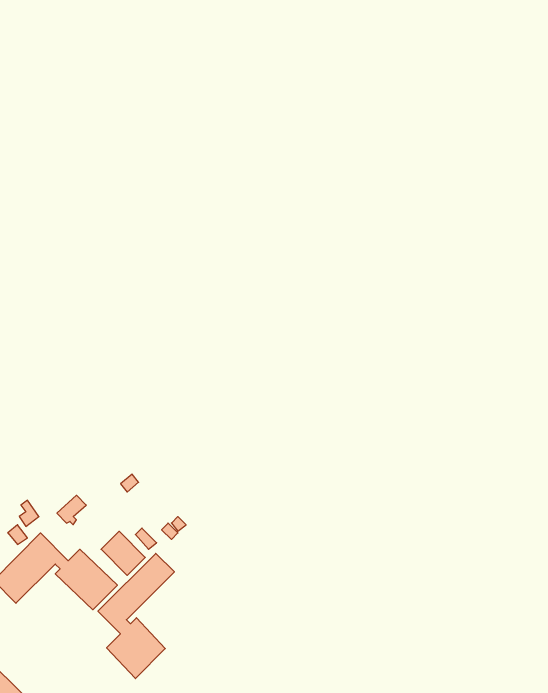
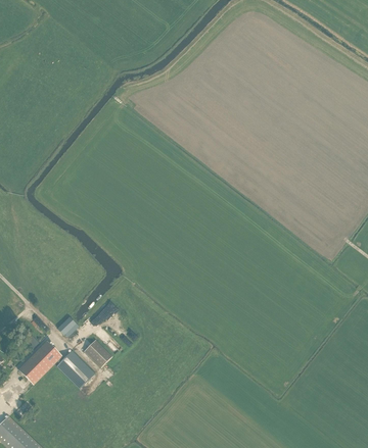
building: [98,553,174,679] -> none

